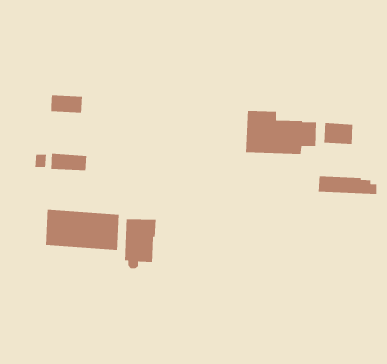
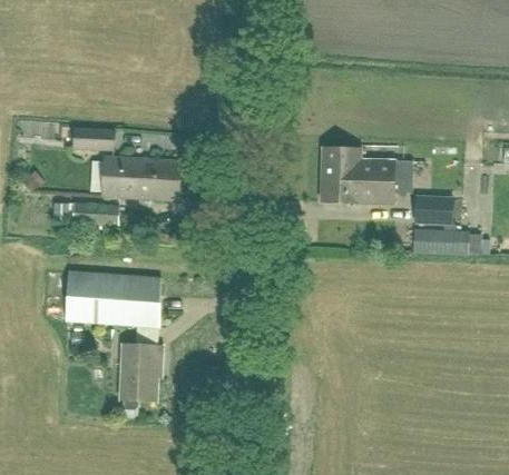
building: none -> [101,156,180,200]
building: [324,122,353,145] -> [415,196,453,225]
building: [124,218,156,269] -> [119,344,160,408]

